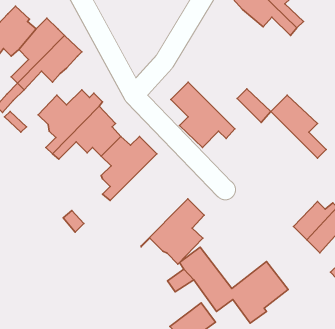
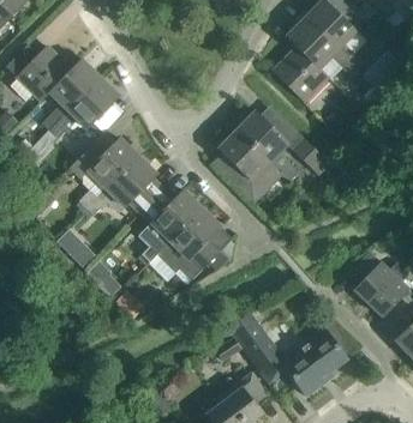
building: none -> [273,49,329,102]
building: [271,95,326,158] -> [238,111,299,181]
building: none -> [56,226,96,266]
building: [141,199,204,264] -> [151,209,221,280]

